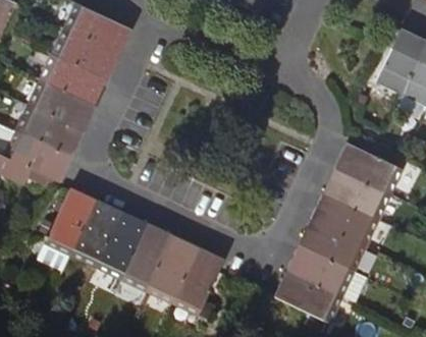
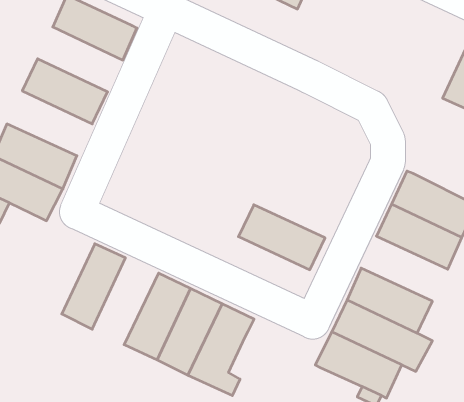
building: [51,26,119,78] -> none
building: [26,77,95,129] -> none
building: [39,186,97,261] -> none
building: [310,193,379,245] -> [238,205,325,270]
building: [95,211,148,280] -> none

